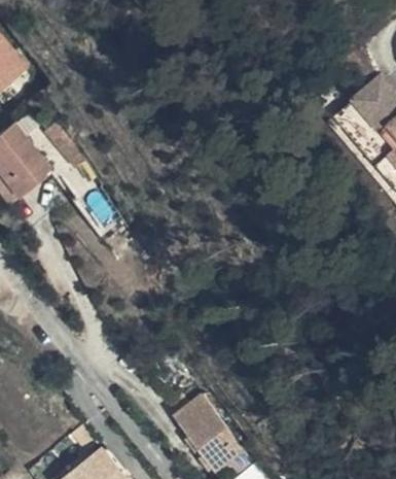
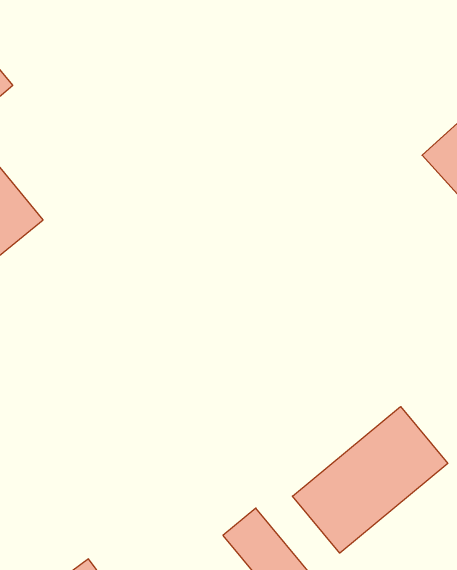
building: none -> [292,407,448,553]

